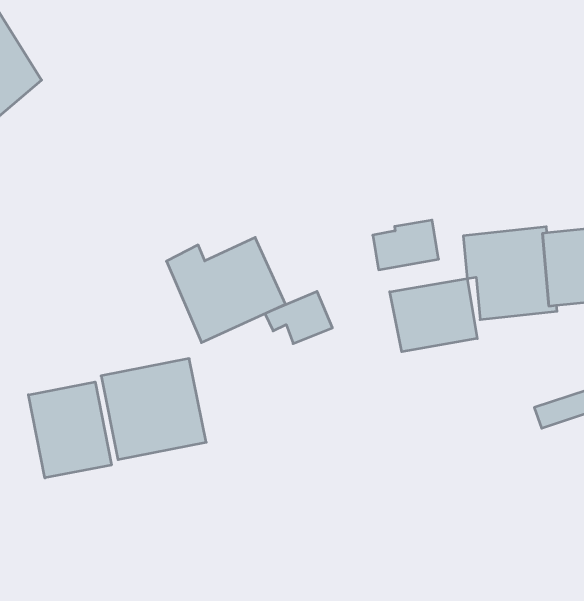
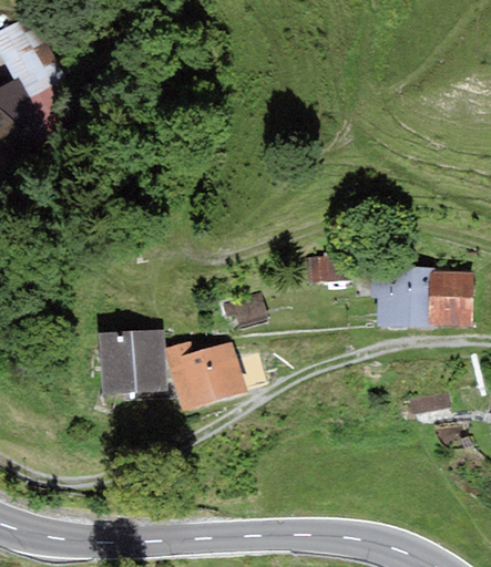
building: [166,237,285,343] -> [163,340,245,411]
building: [390,278,477,352] -> none
building: [28,382,111,478] -> none

